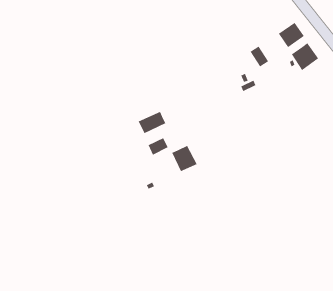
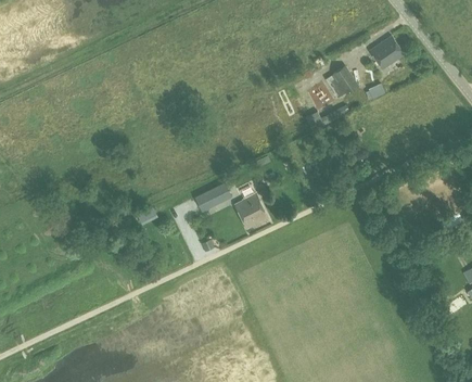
building: [291,42,319,71] -> none
building: [137,111,167,134] -> none

